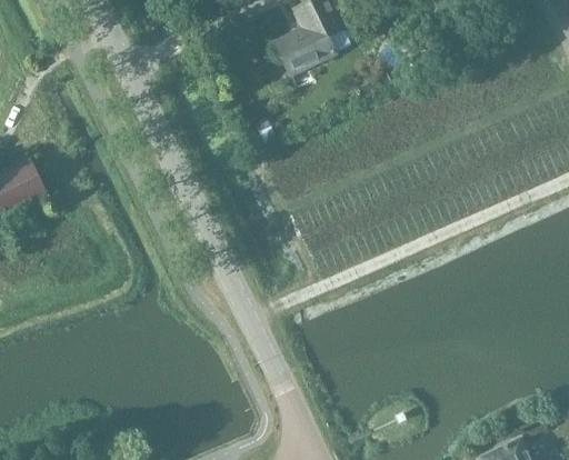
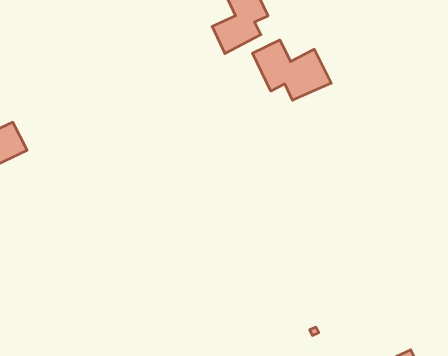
building: none -> [253,40,331,100]

